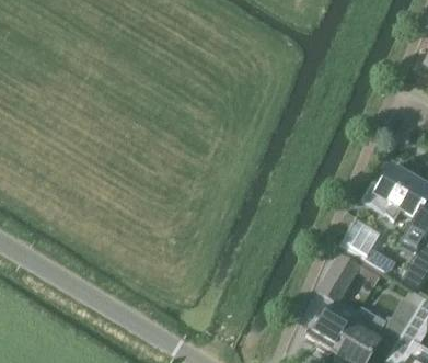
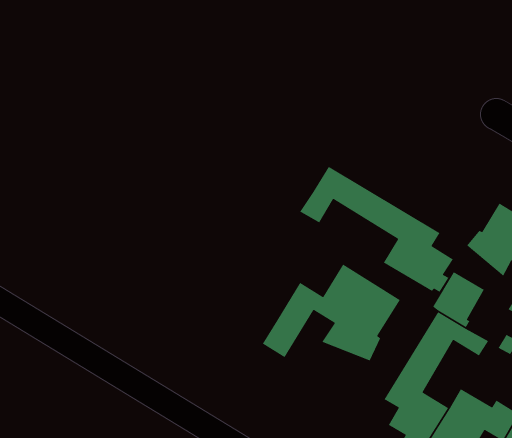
building: none -> [299,166,454,293]
building: none -> [262,264,401,361]

